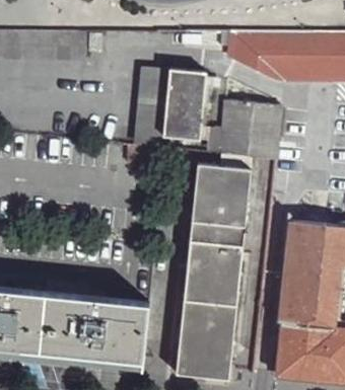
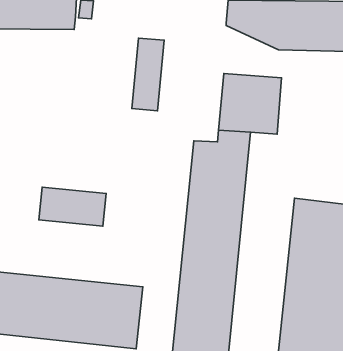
building: [163,71,213,142] -> none
building: none -> [39,187,106,226]

